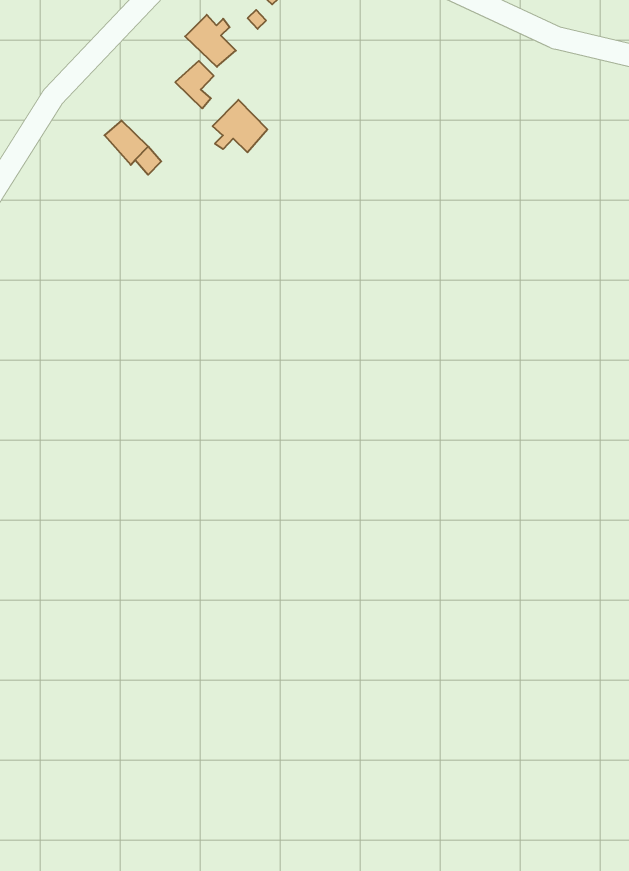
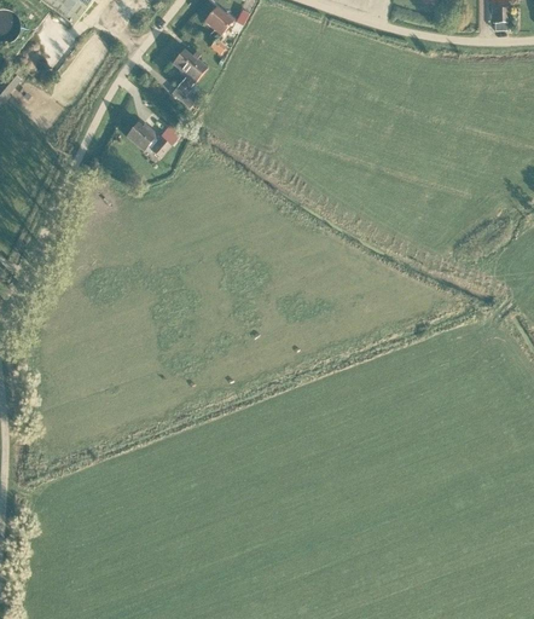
building: [213,100,267,152] -> none

